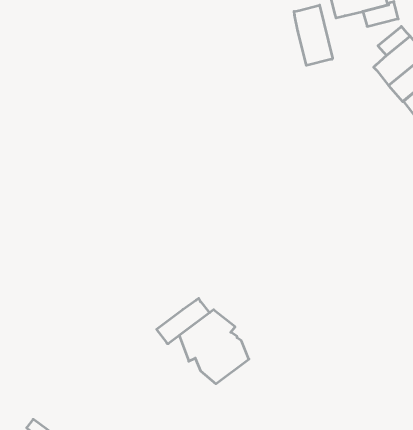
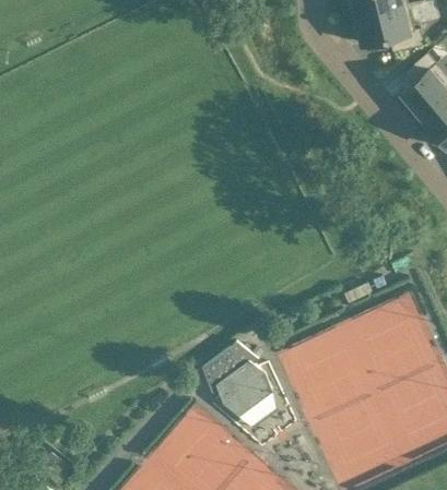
building: [294,5,333,65] -> none
building: [157,298,210,344] -> none

